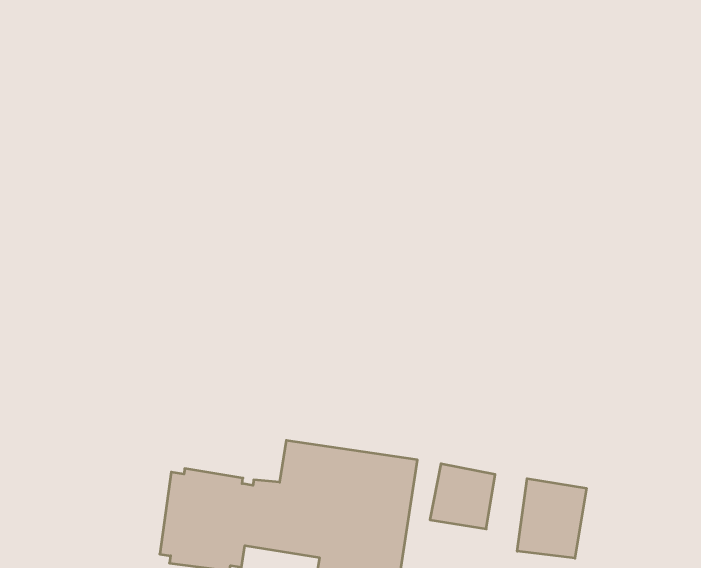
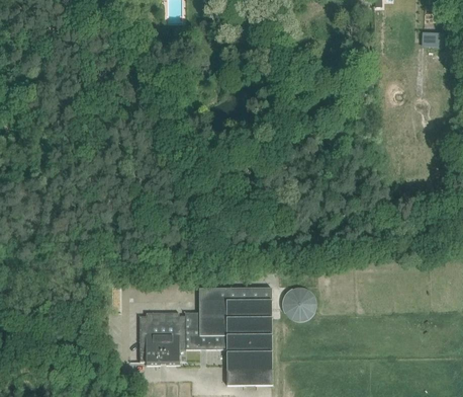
building: [517,479,586,558] -> none

